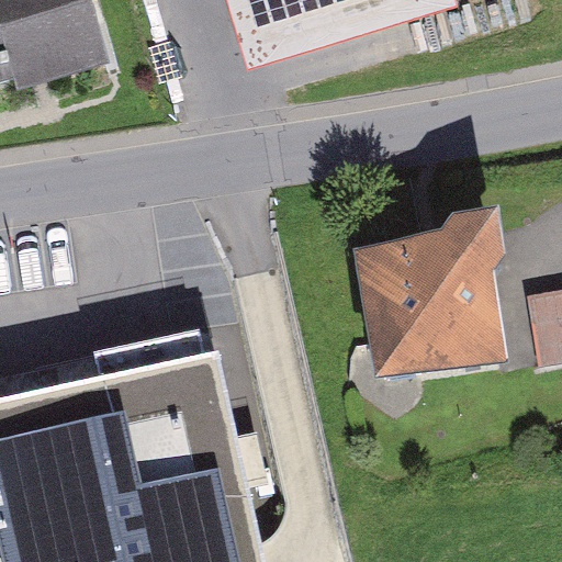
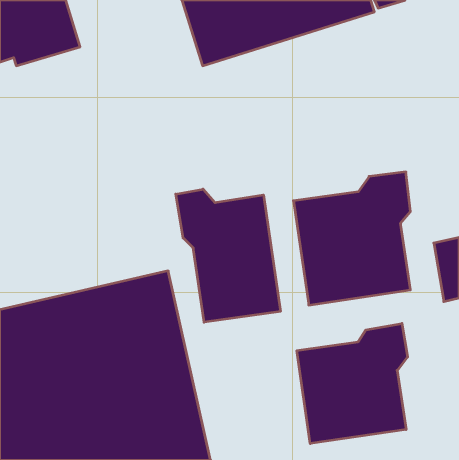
building: none -> [176,189,280,322]
building: none -> [297,323,408,444]

